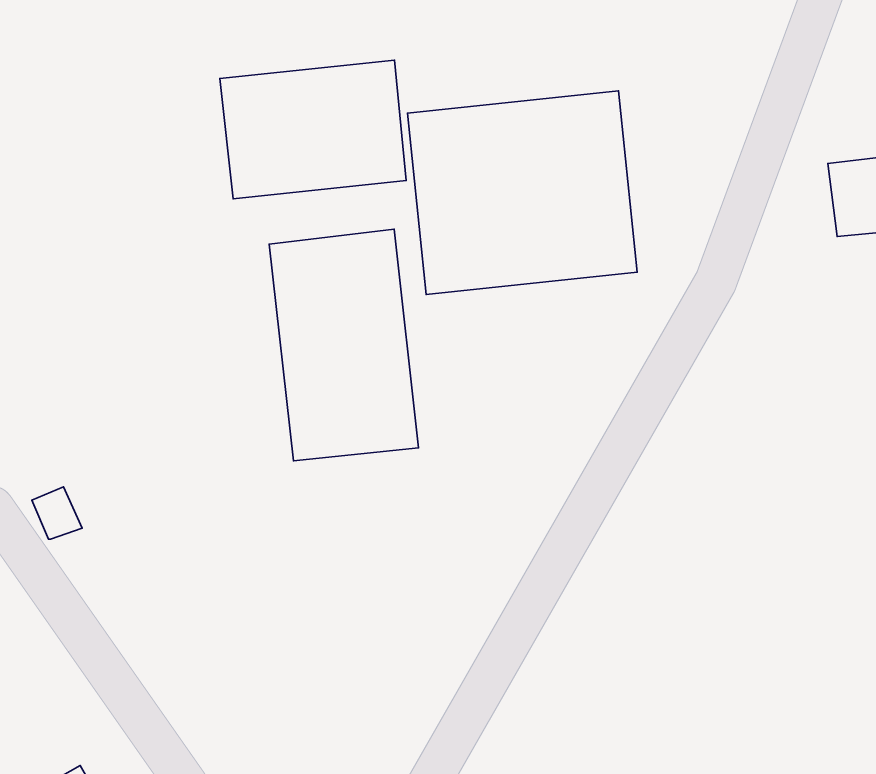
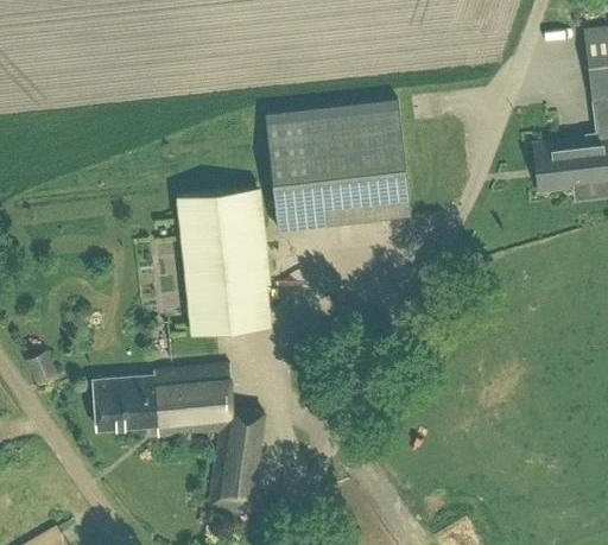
building: [220,60,406,199] -> none
building: none -> [94,365,264,515]

